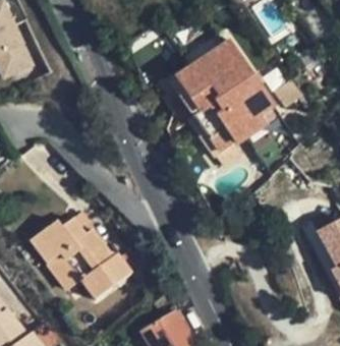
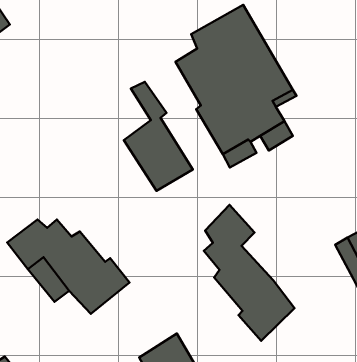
building: none -> [124,82,193,191]
building: none -> [204,205,295,341]

